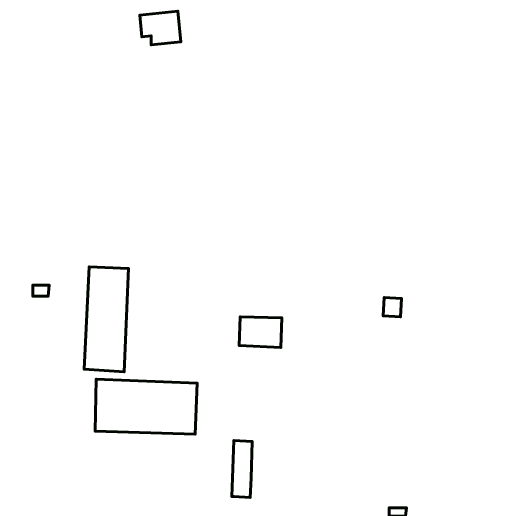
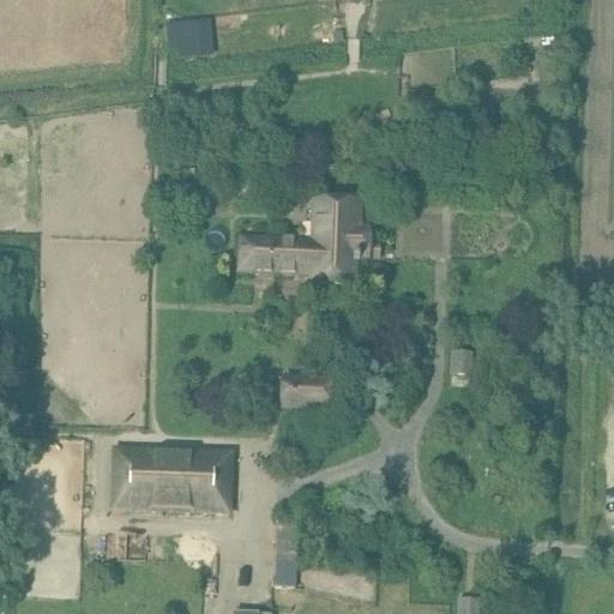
building: none -> [240,195,380,281]
building: [84,267,128,372] -> none

